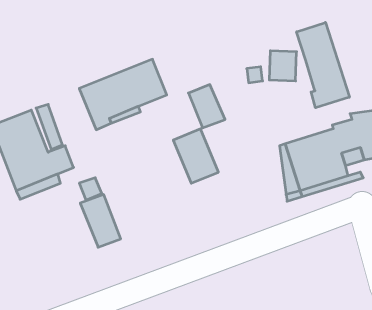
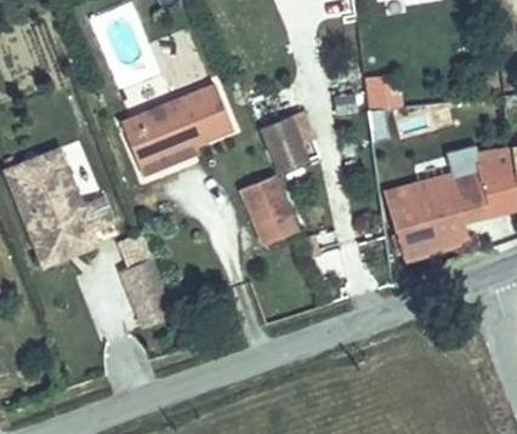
building: [297,22,349,108] -> none

